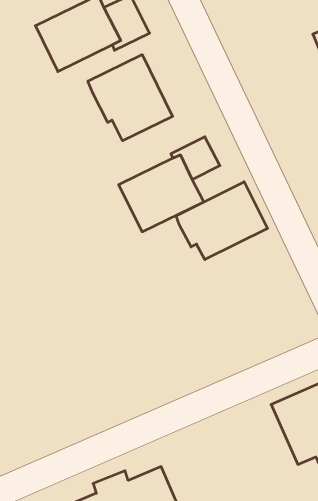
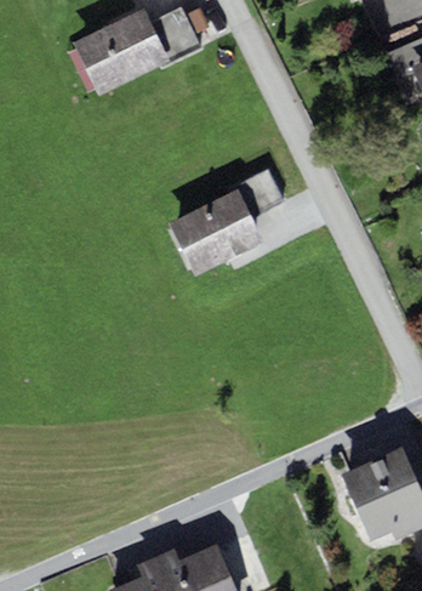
building: [88,55,173,141] -> none
building: [176,182,268,260] -> none

